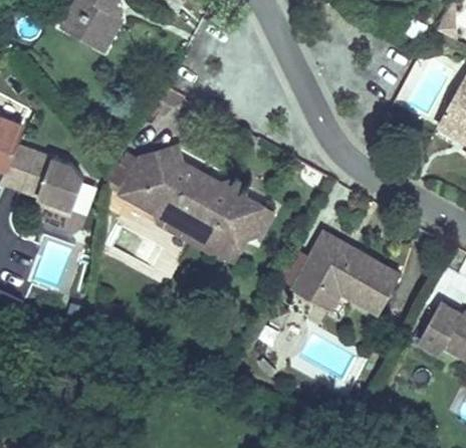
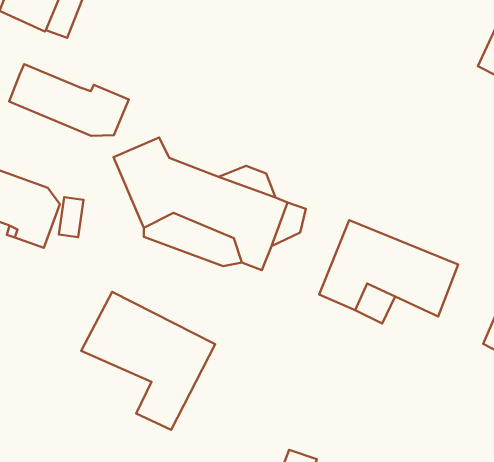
building: none -> [9,64,129,136]
building: [113,155,149,207] -> none
building: none -> [81,292,215,430]

